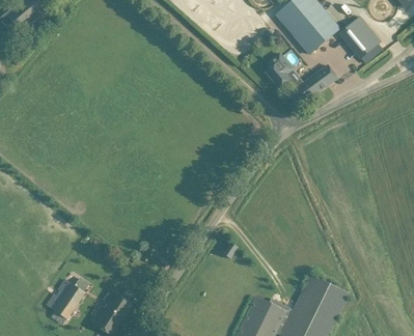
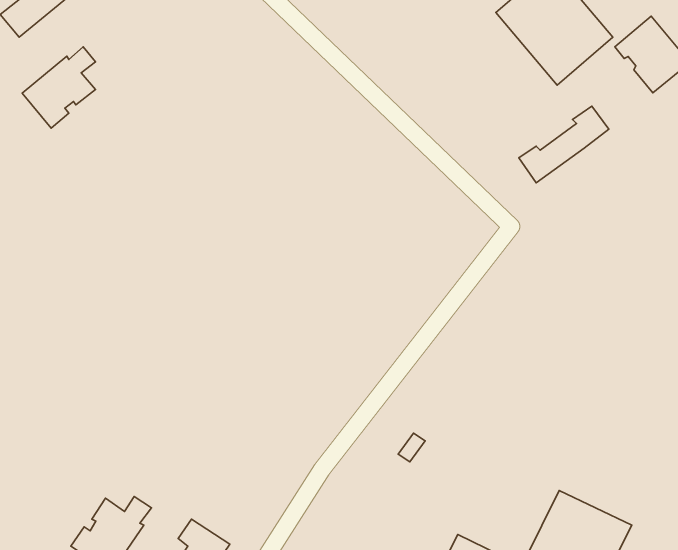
building: none -> [22,47,95,128]
building: [266,53,293,87] -> none

